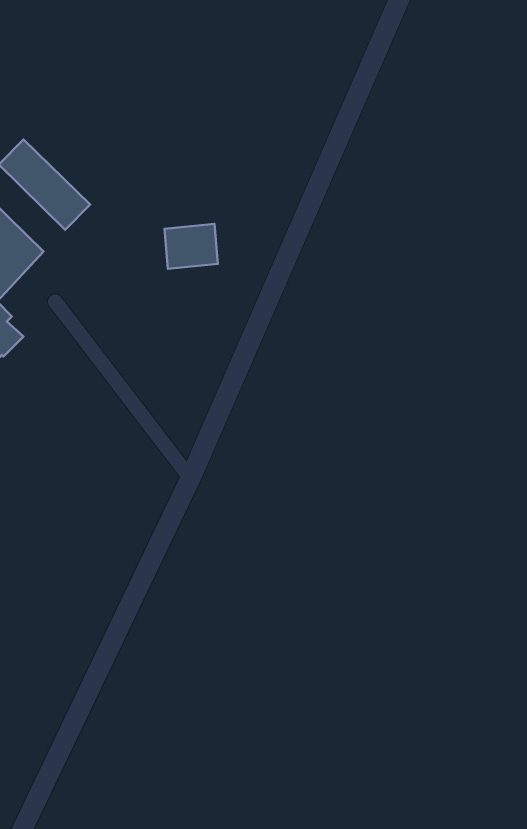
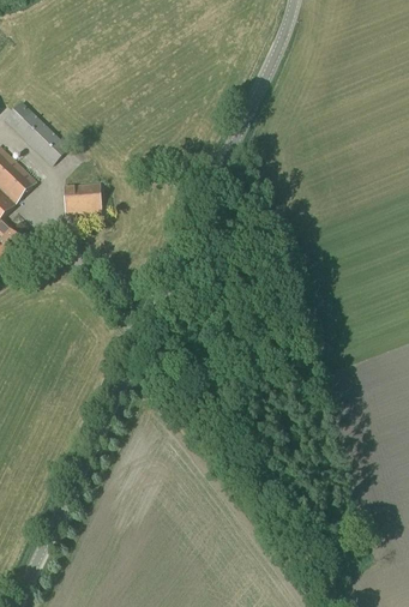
building: [164,224,218,269] -> [64,181,102,214]

